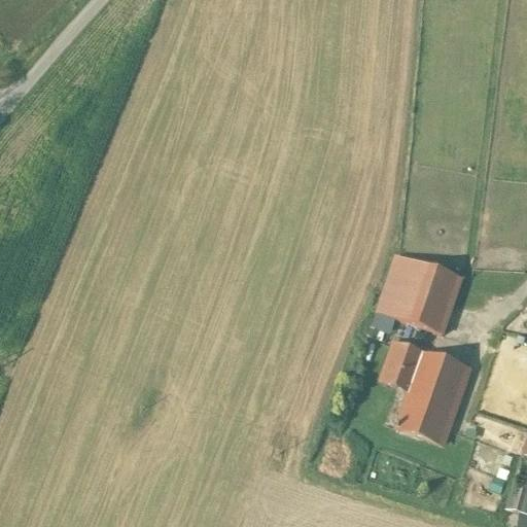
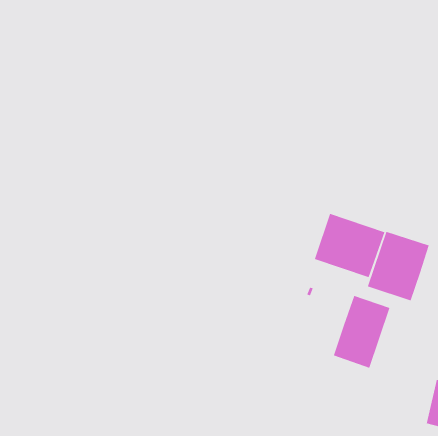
building: none -> [367,231,430,301]
building: [384,343,425,388] -> none

